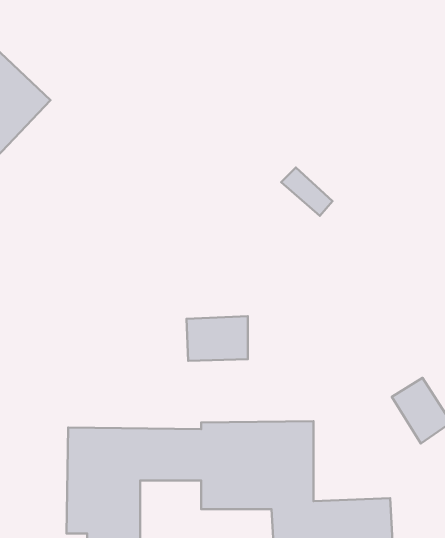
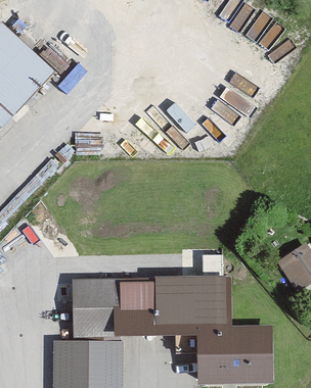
building: [187,316,248,361] -> none

